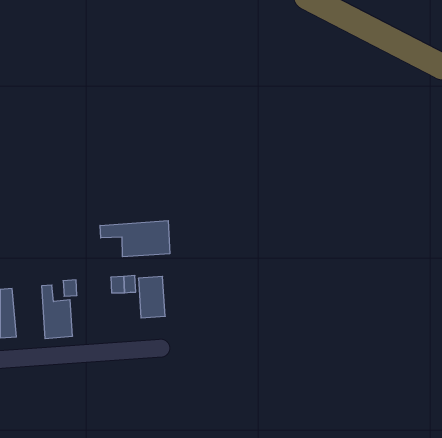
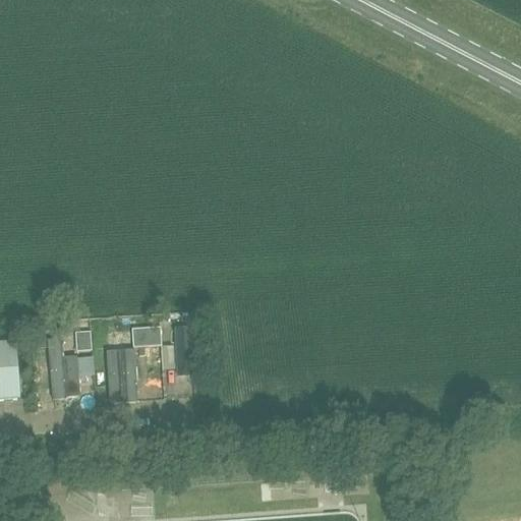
building: [100,221,170,257] -> none
building: none -> [104,349,137,400]

